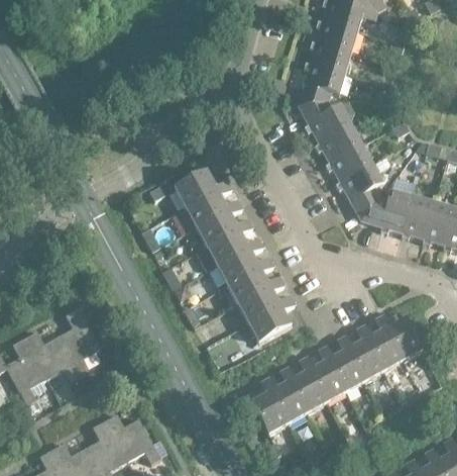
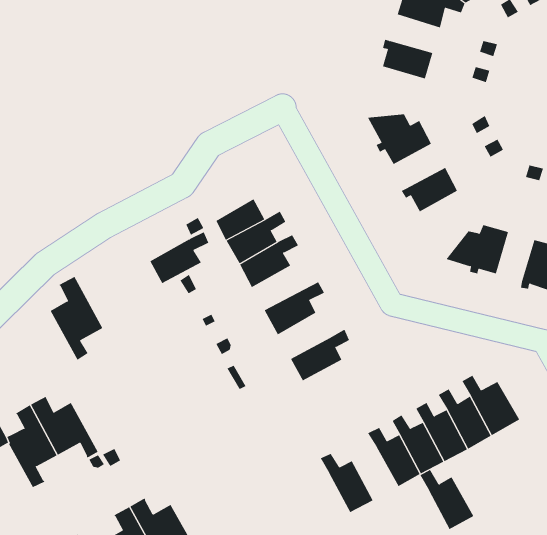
building: [317,18,358,51] -> none
building: [299,61,346,103] -> none
building: [316,124,362,161] -> none
building: [337,163,383,218] -> none
building: [403,196,434,236] -> none
building: [205,217,253,260] -> [150,232,209,284]
building: [226,256,274,299] -> none
building: [246,294,296,342] -> none
building: [59,306,102,375] -> [50,276,103,361]
building: [279,365,324,414] -> [419,469,474,530]
building: [251,392,284,434] -> none

